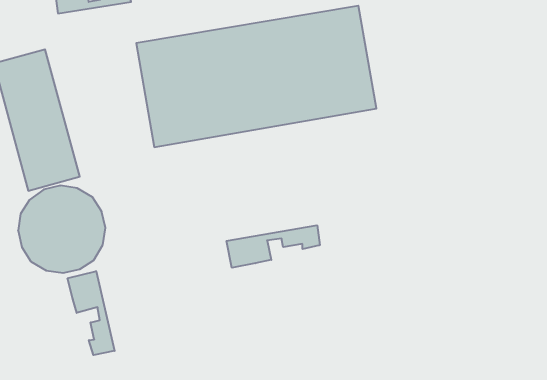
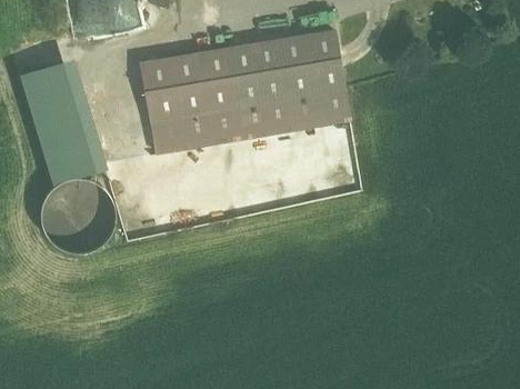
building: [227,225,320,268] -> none
building: [68,271,115,355] -> none

